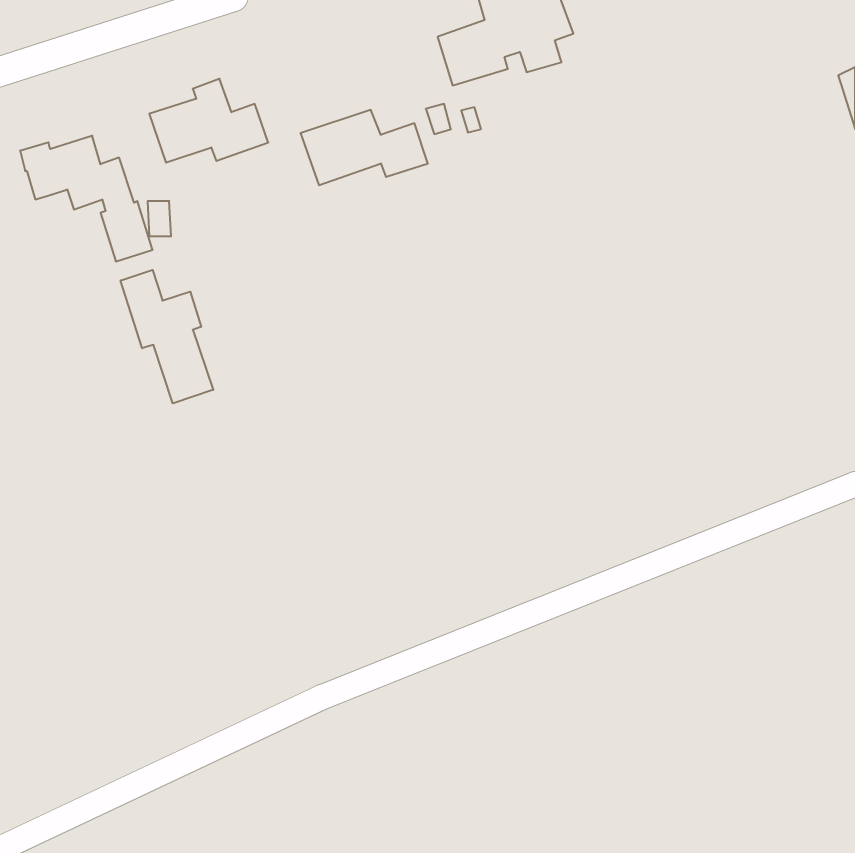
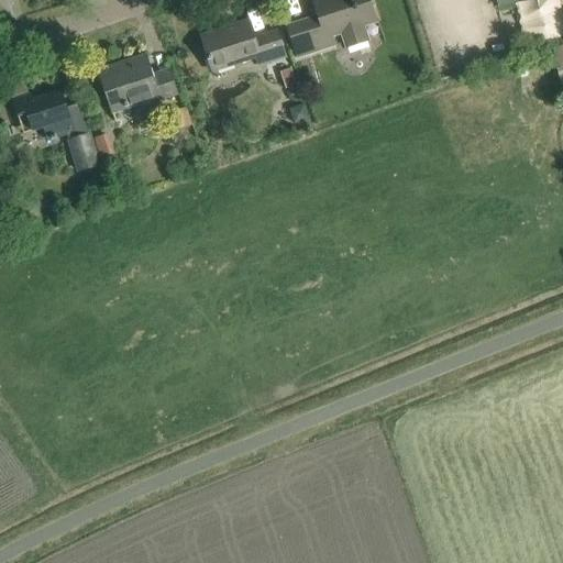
building: [300,110,428,185] -> [201,19,285,68]
building: [121,270,213,403] -> none

